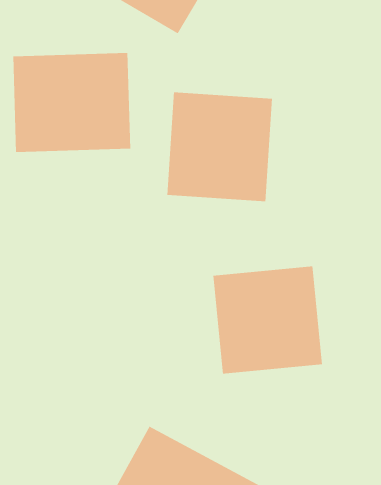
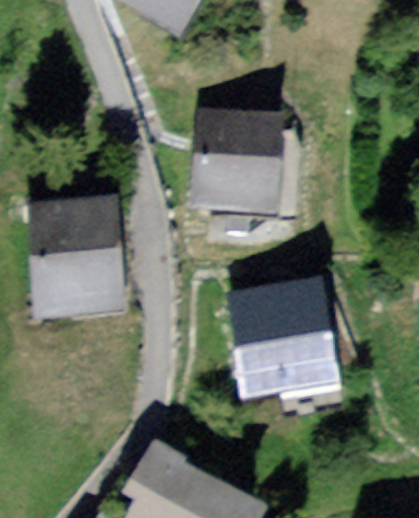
building: [13,52,131,153] -> none
building: none -> [39,210,146,317]

